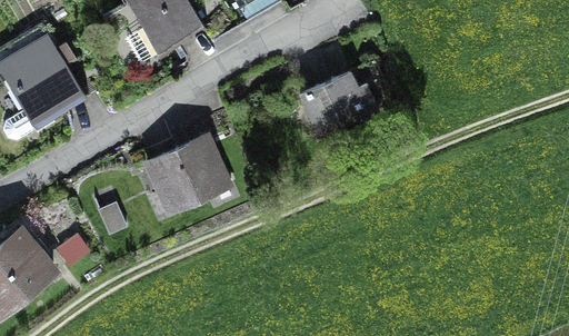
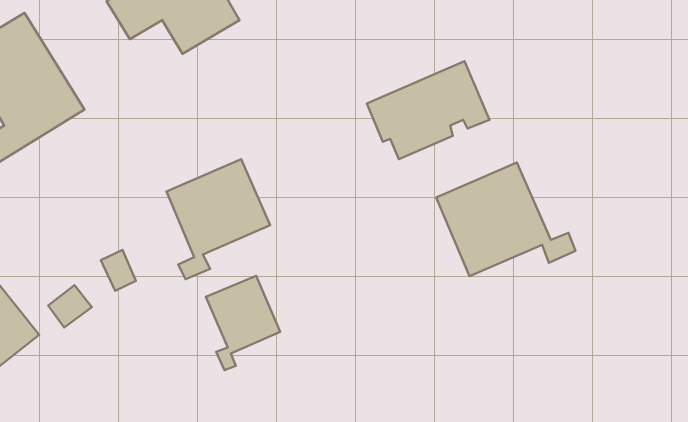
building: none -> [436,163,575,276]
building: none -> [206,276,280,370]

